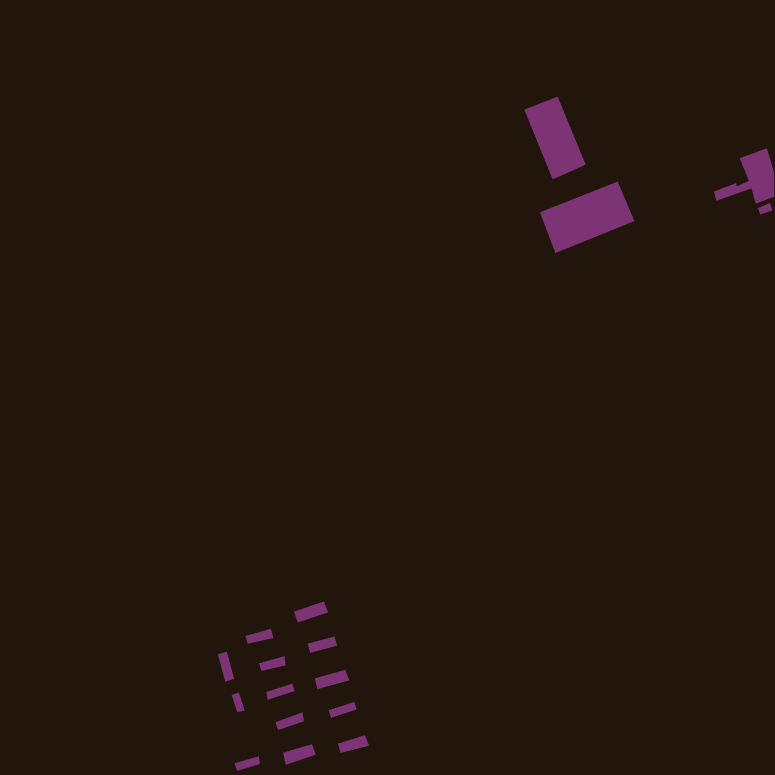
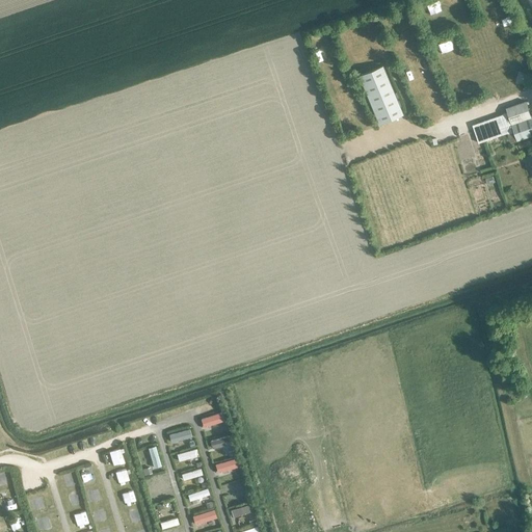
building: [539,180,635,254] -> none

